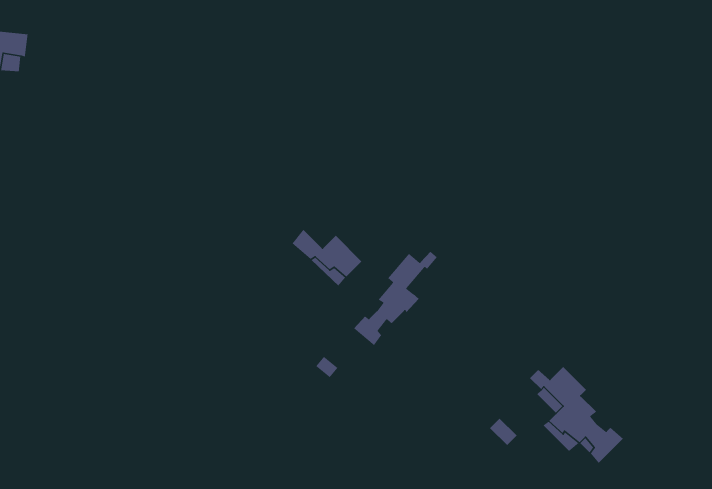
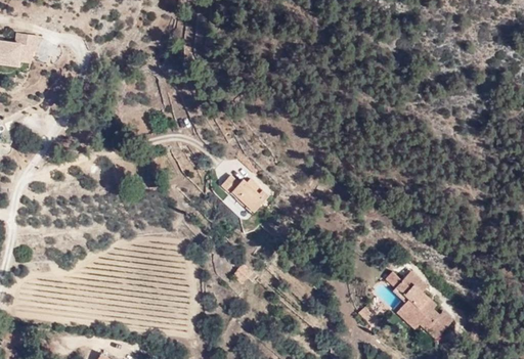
building: [353,251,438,346] -> none

